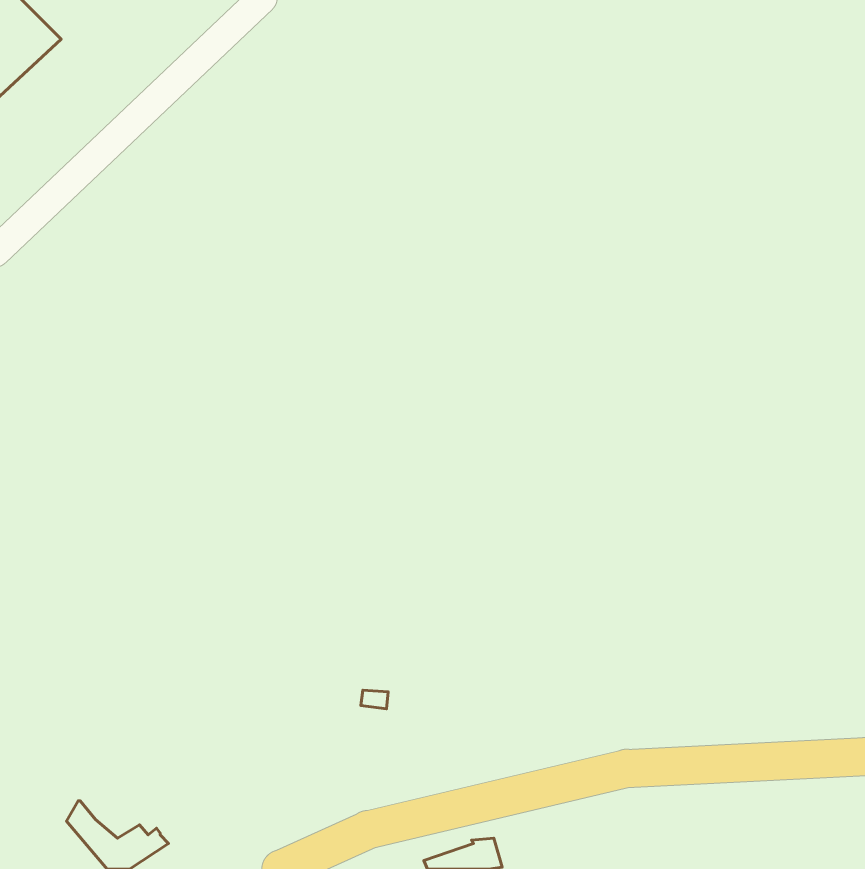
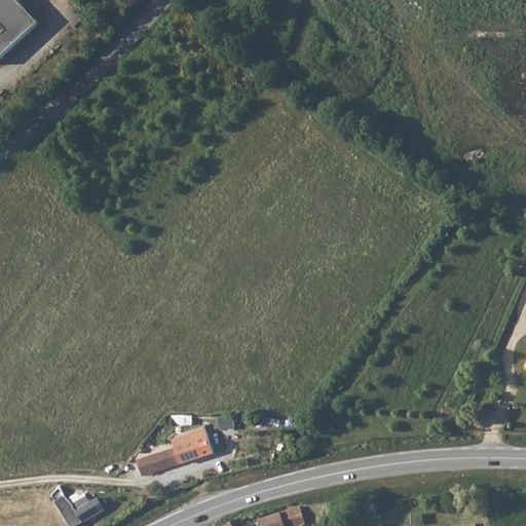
building: none -> [149,434,214,471]

